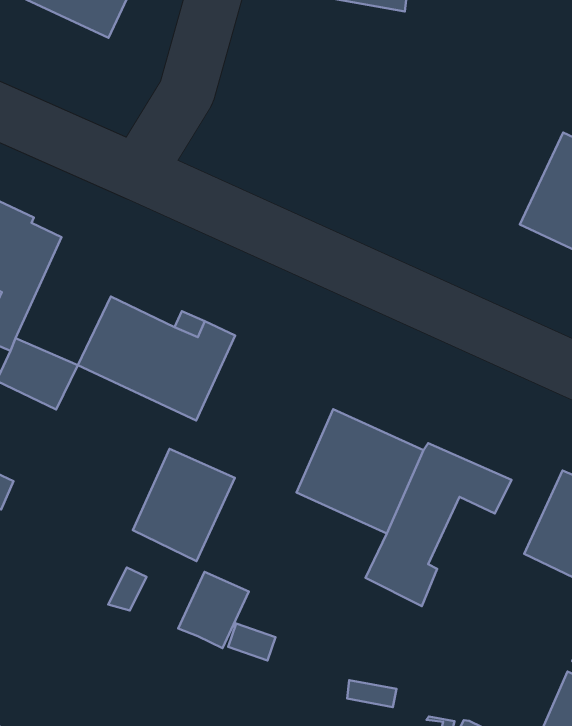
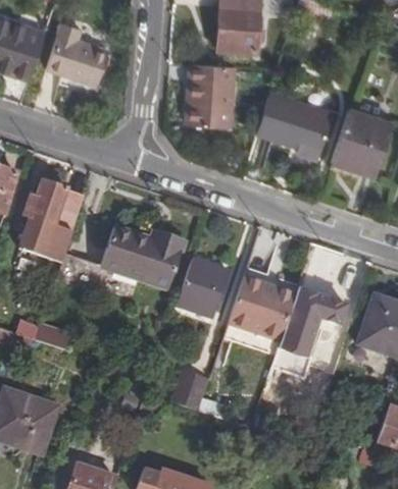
building: none -> [189,65,235,126]
building: none -> [259,95,336,160]
building: [133,449,235,561] -> [173,258,227,318]

